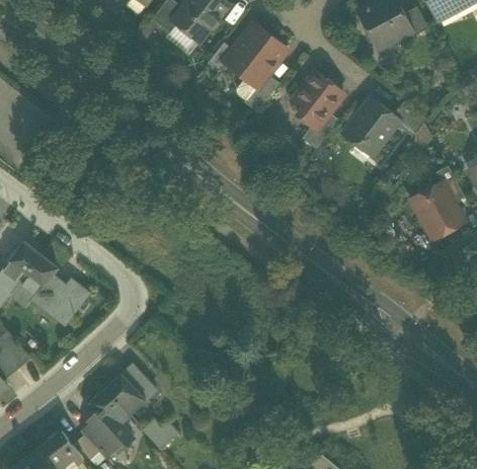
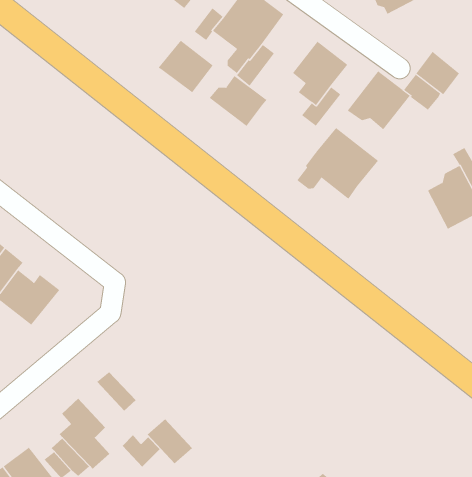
building: none -> [158,40,214,93]
building: none -> [416,51,460,95]
building: none -> [209,75,267,127]
building: none -> [296,127,379,200]
building: [105,374,146,414] -> [147,418,193,464]

